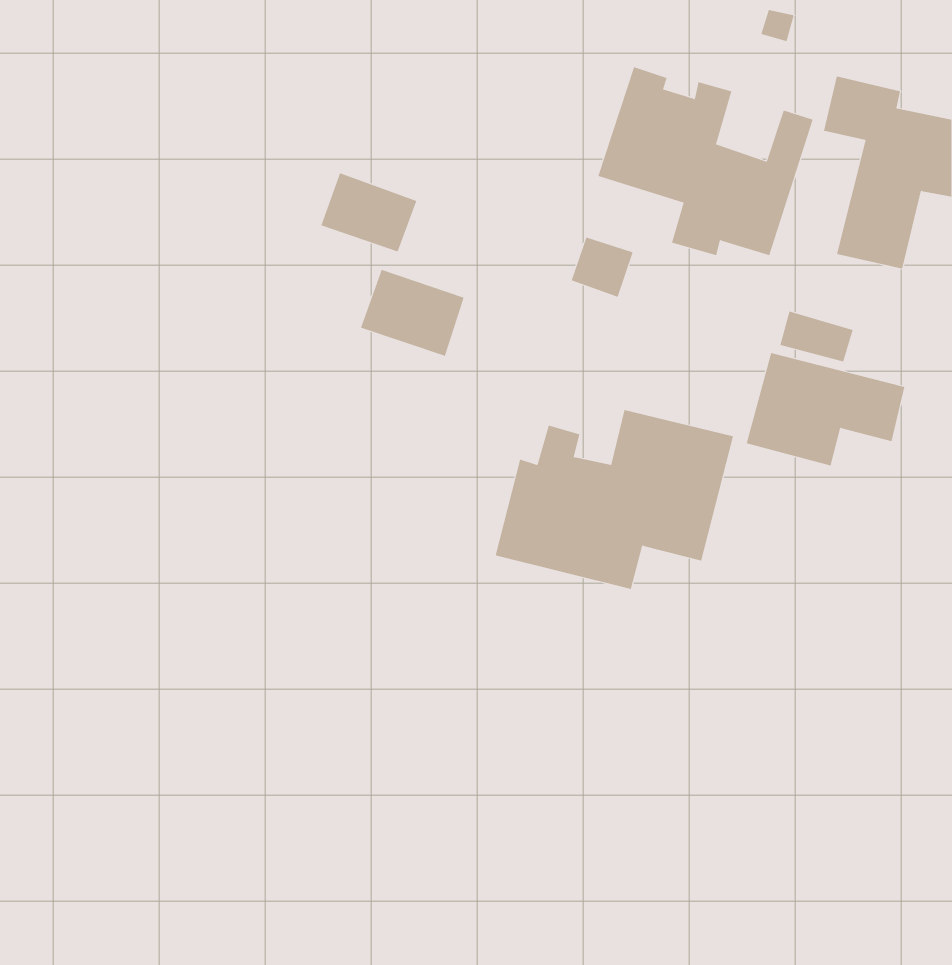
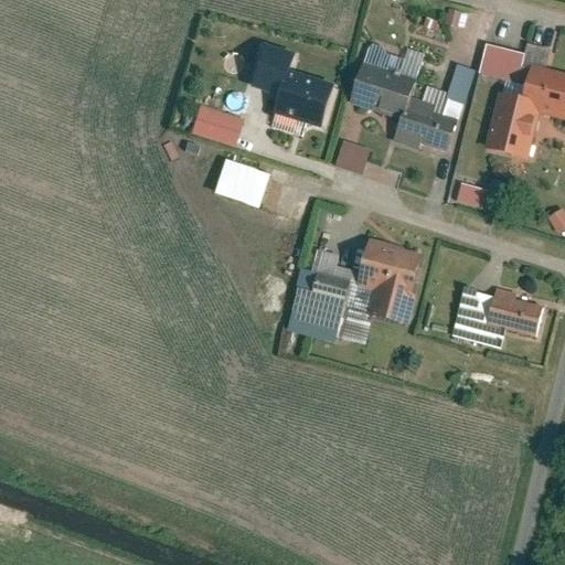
building: none -> [248,42,335,136]
building: [746,353,905,466] -> [452,282,545,349]

